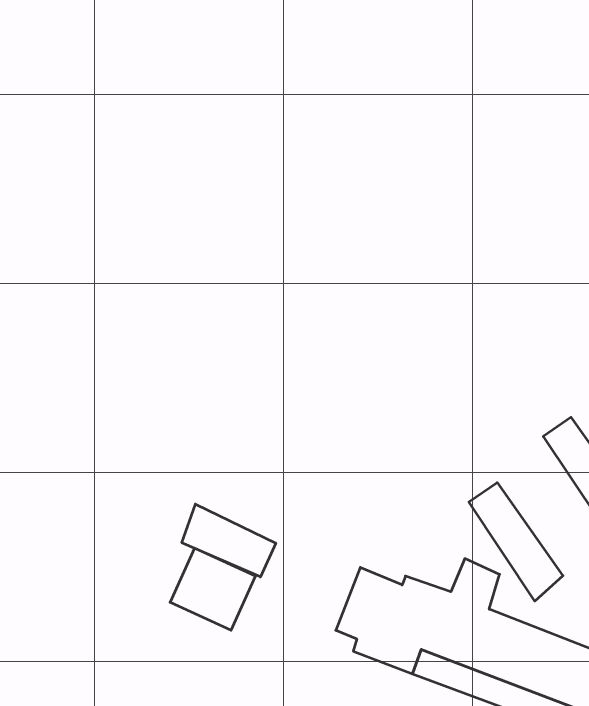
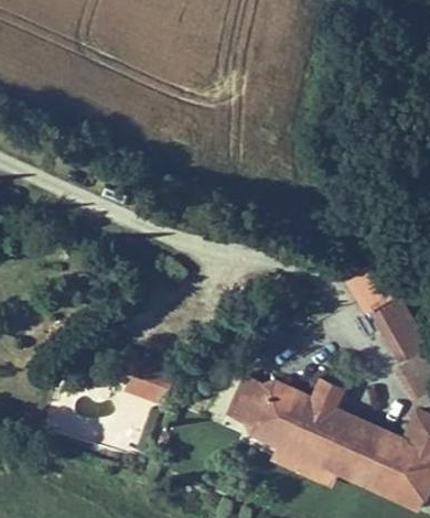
building: [469,483,563,601] -> none
building: [182,504,276,577] -> none

